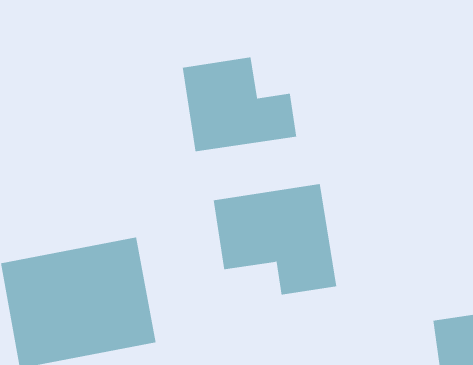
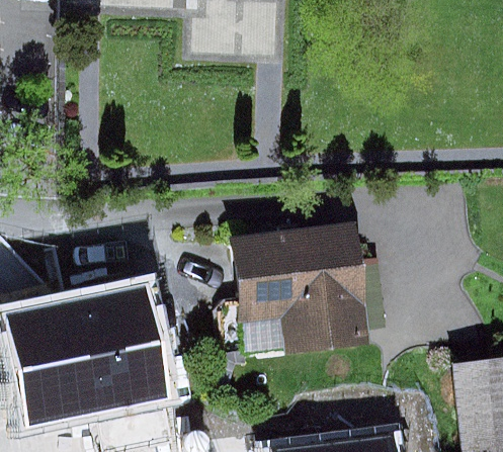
building: [182,57,297,152] -> none

